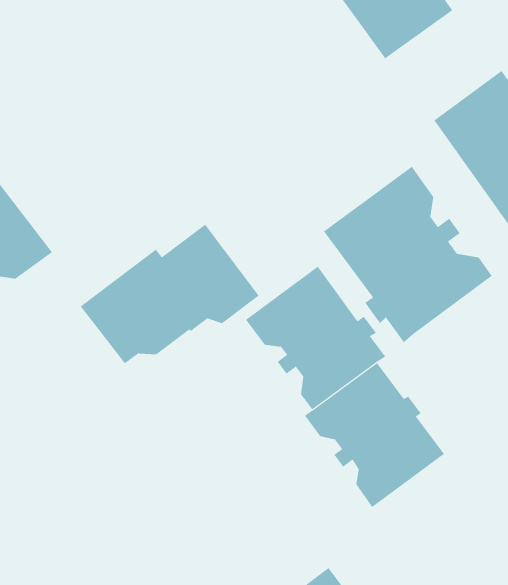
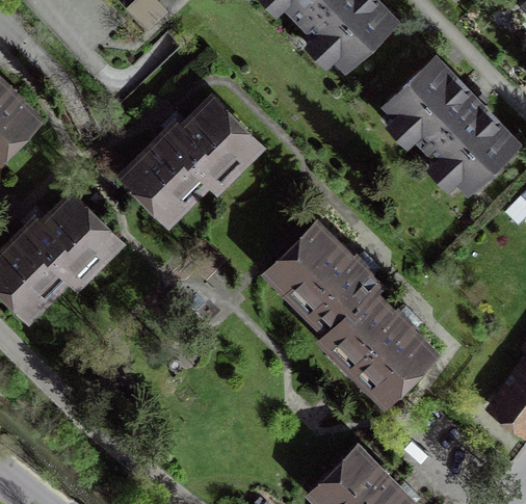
building: [323,166,493,343] -> none
building: [80,224,260,364] -> [125,101,258,214]

